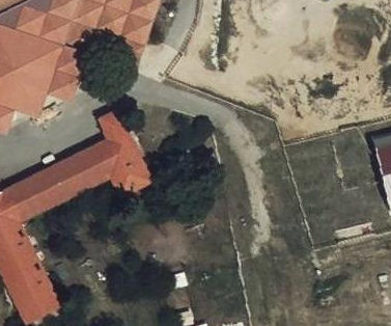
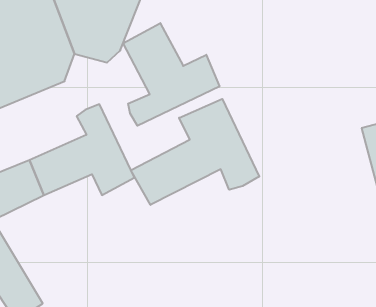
building: none -> [123,23,219,126]
building: none -> [131,99,259,205]

